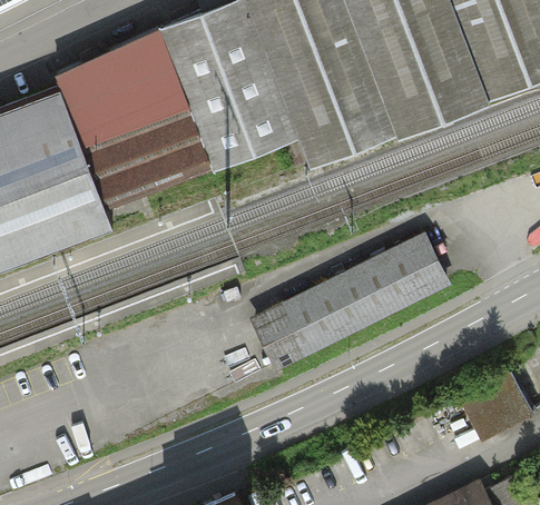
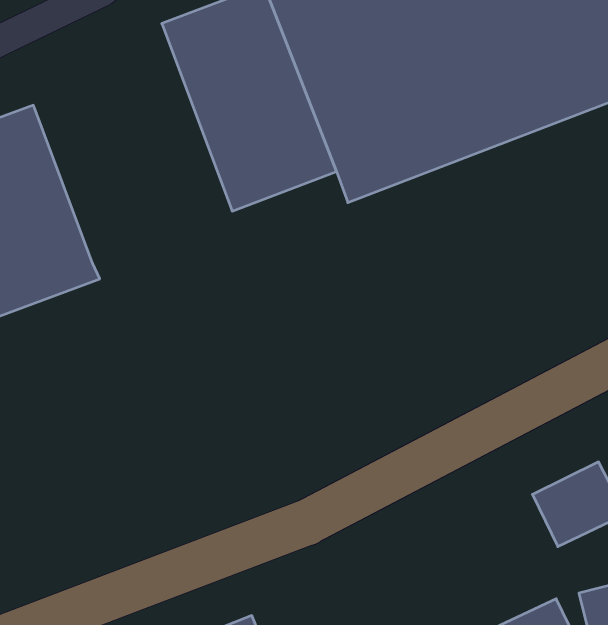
building: [59,27,222,216] -> none
building: [254,236,442,363] -> none

